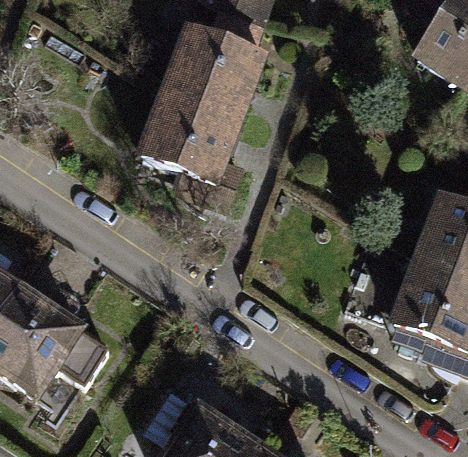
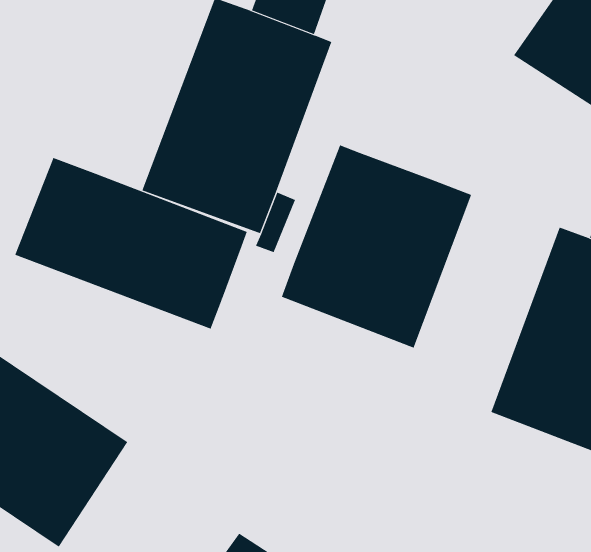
building: none -> [281,145,472,349]
building: none -> [14,157,248,329]

